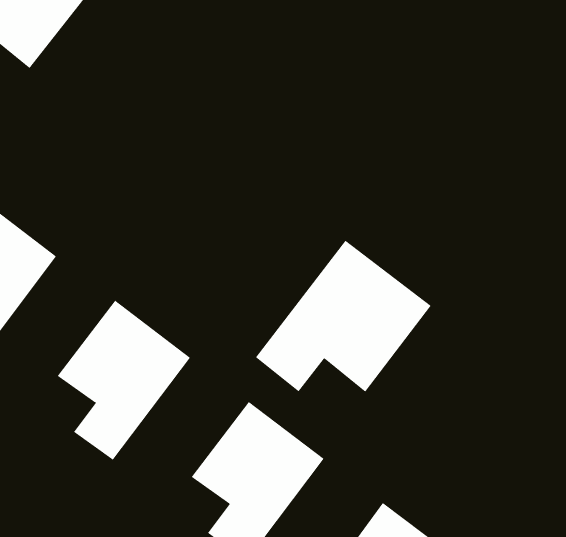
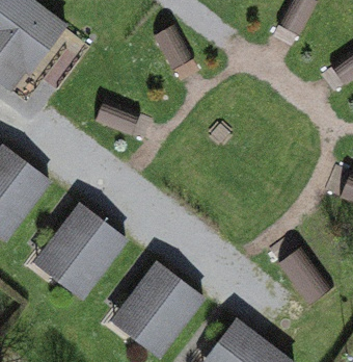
building: [255,240,431,392] -> none

